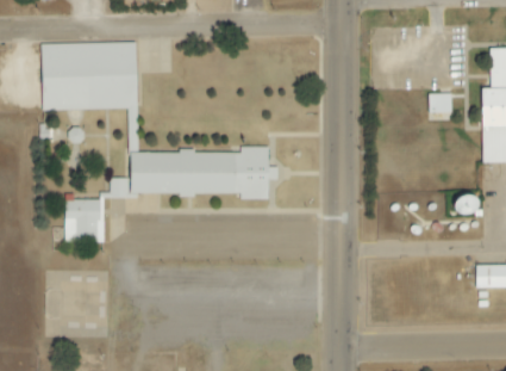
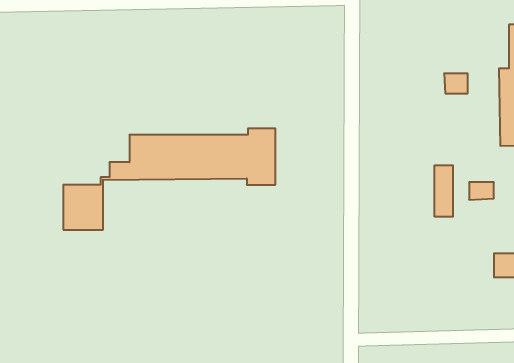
building: [40,42,137,110] -> none
building: none -> [435,165,453,217]

